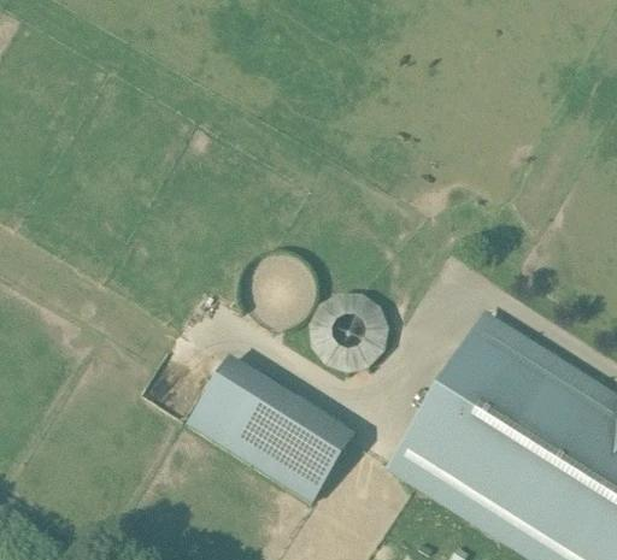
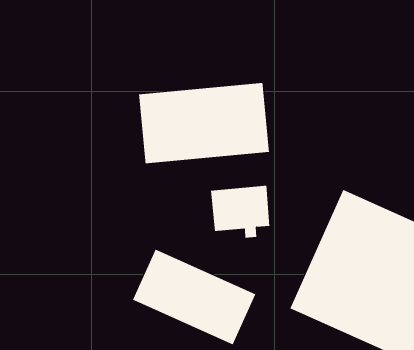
building: none -> [139,82,270,164]

